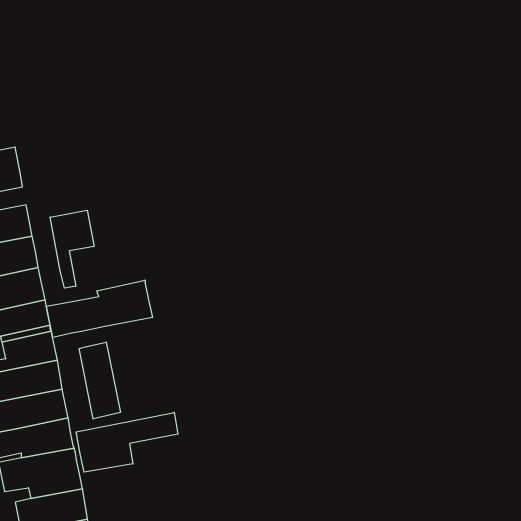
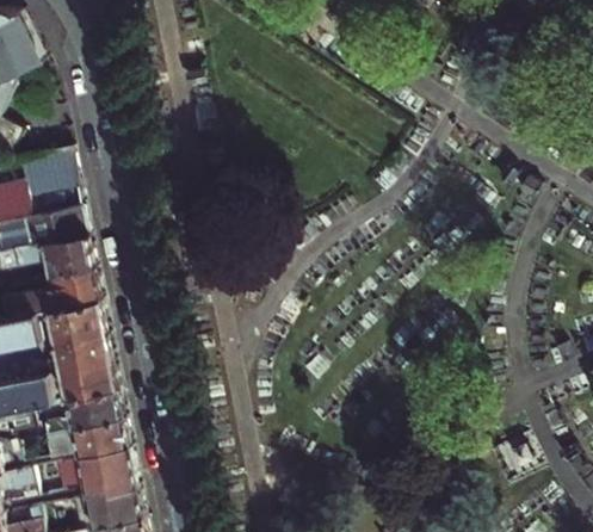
building: [50,210,94,288] -> none
building: [46,280,153,337] -> none
building: [79,342,120,419] -> none
building: [76,412,178,472] -> none

